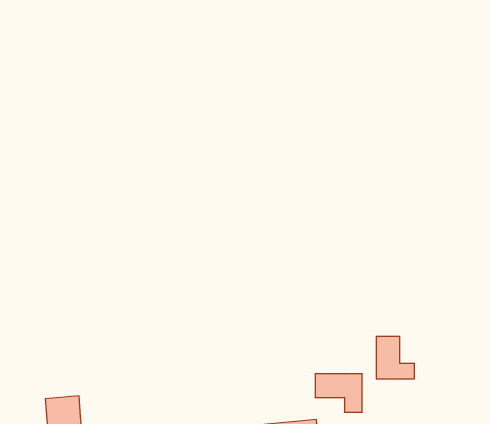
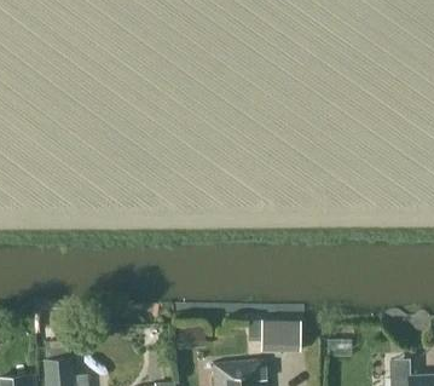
building: [376,336,414,379] -> none

